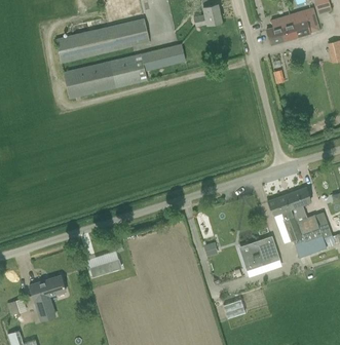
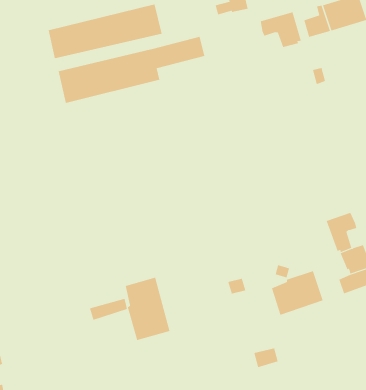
building: none -> [260,11,301,48]
building: [268,195,302,239] -> none
building: none -> [125,277,170,341]
building: [29,275,66,320] -> none

